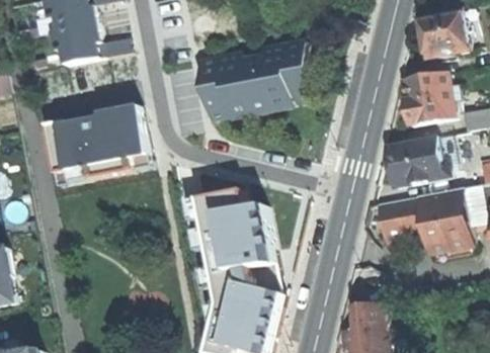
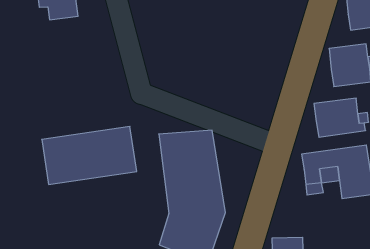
building: [197,45,314,121] -> none
building: [48,95,162,169] -> [42,126,137,184]

